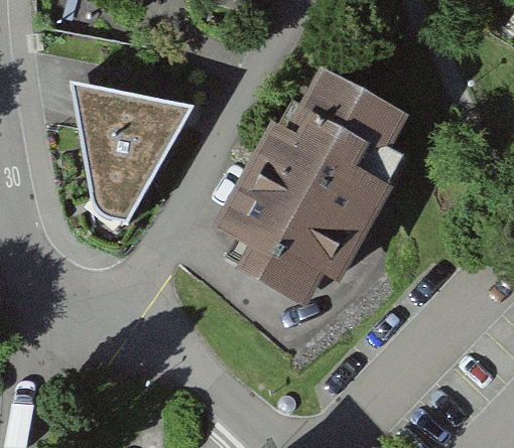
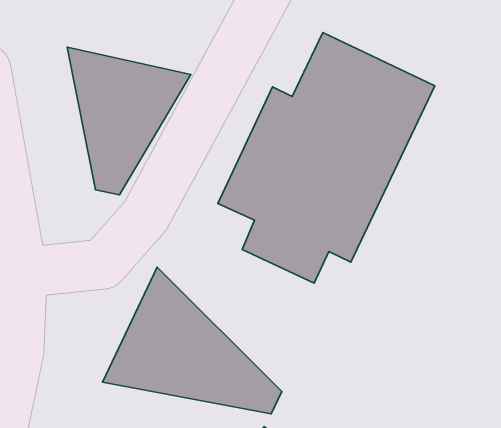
building: none -> [102,267,282,414]

